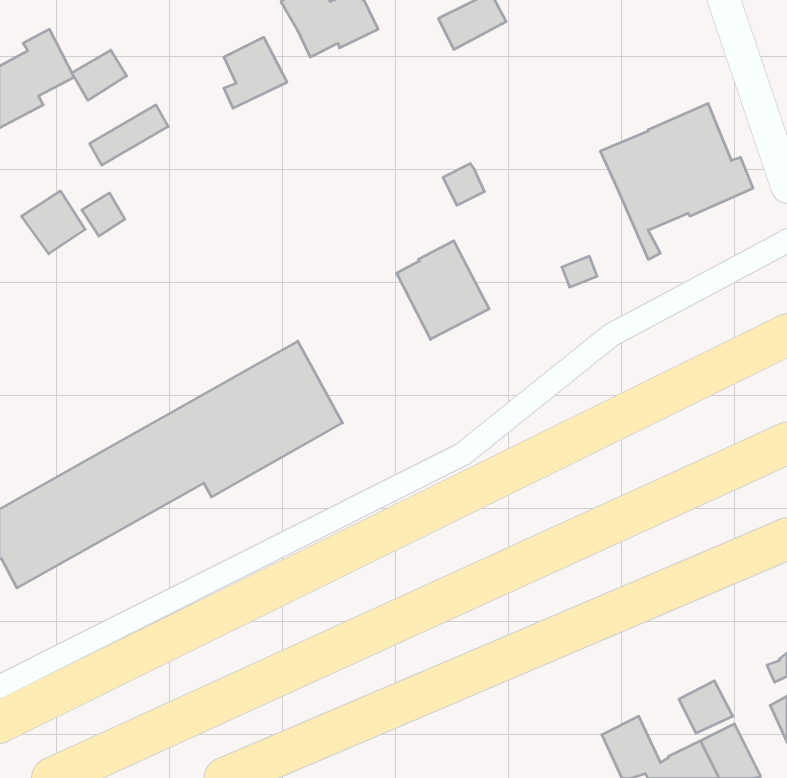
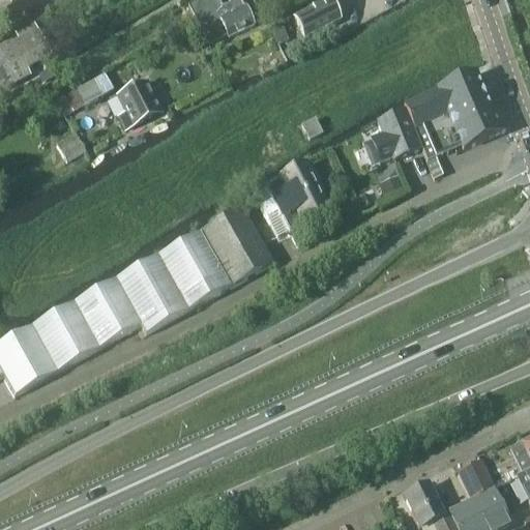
building: [224,37,287,108] -> [118,78,160,125]
building: [72,50,127,100] -> none
building: none -> [371,108,419,159]
building: [22,191,85,254] -> none
building: none -> [200,205,272,284]

